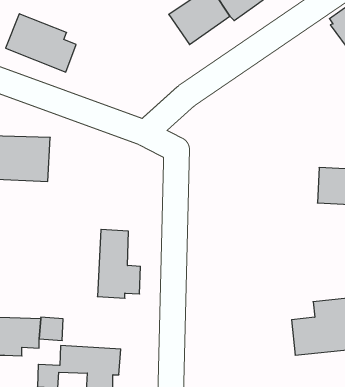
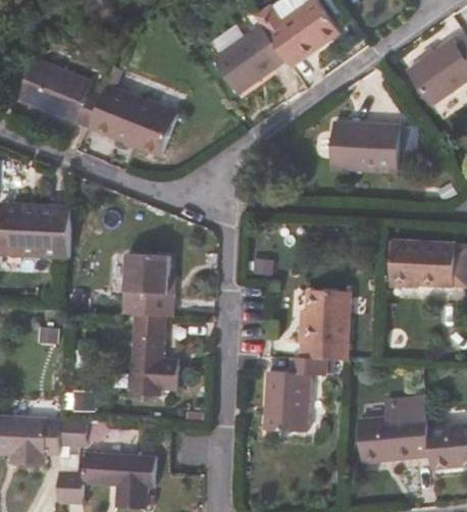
building: none -> [91,85,177,156]
building: none -> [330,120,400,172]
building: none -> [124,254,174,316]
building: none -> [299,291,349,345]
building: none -> [262,357,326,431]

